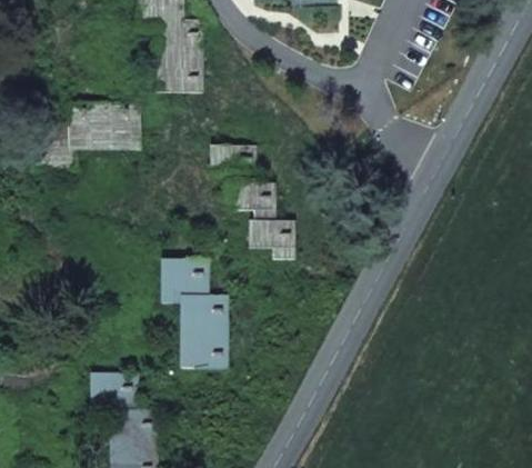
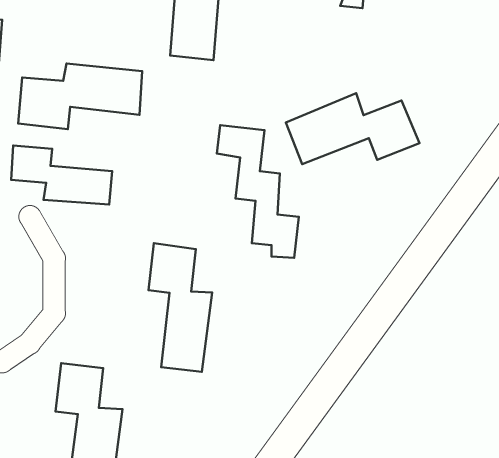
building: none -> [286,93,419,164]
building: none -> [11,145,112,205]

